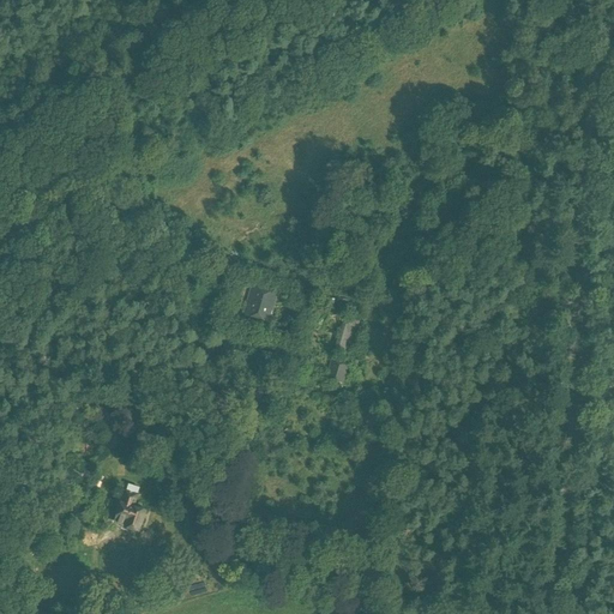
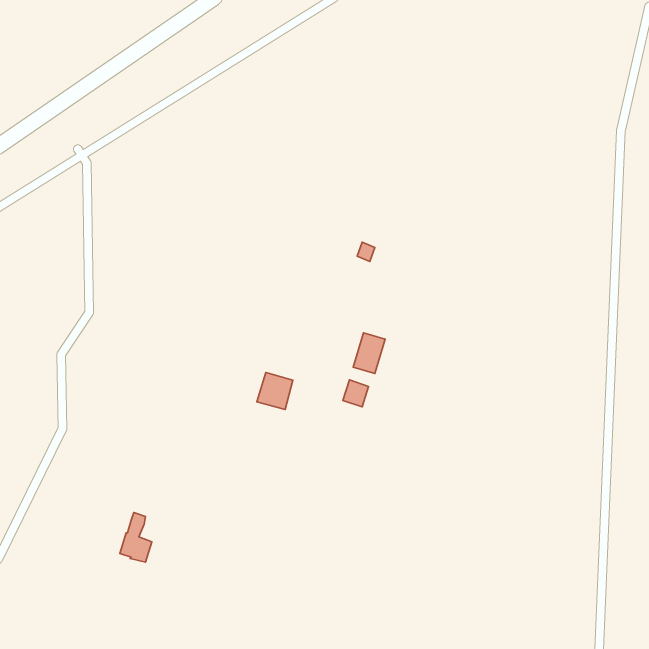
building: [241,285,275,320] -> [257,372,293,409]

